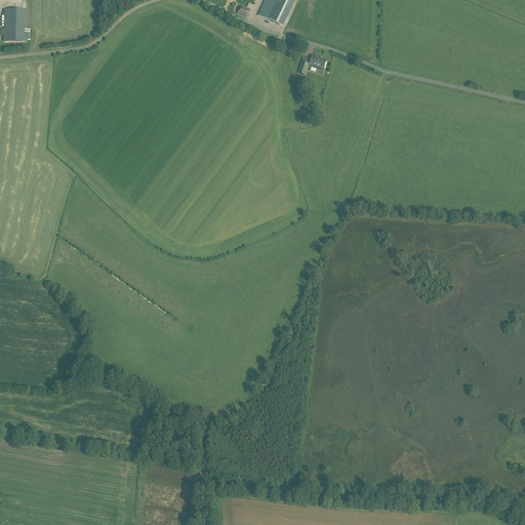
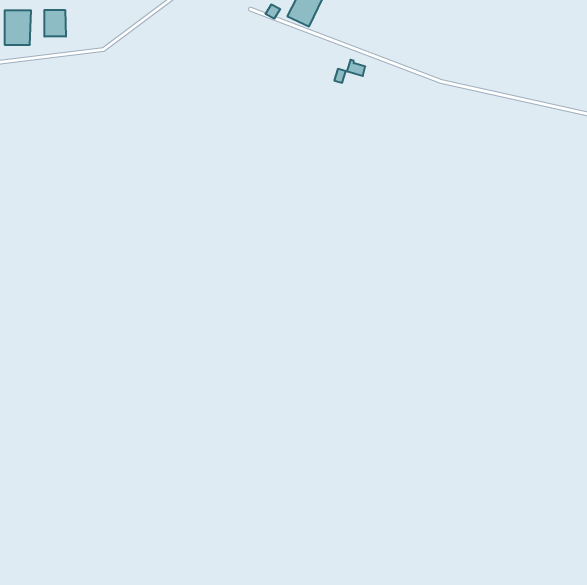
building: none -> [44,10,66,37]

